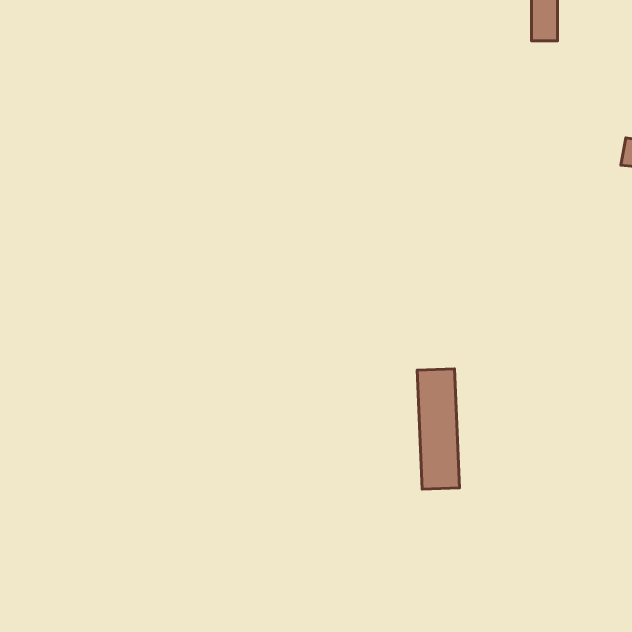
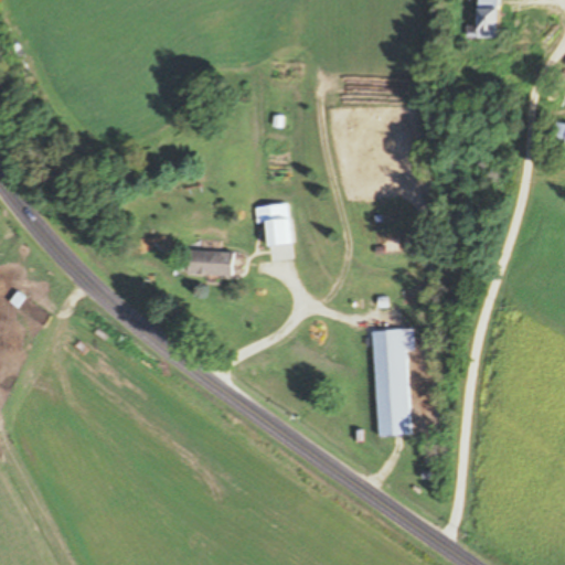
building: none -> [256,202,291,244]
building: none -> [188,250,234,273]

